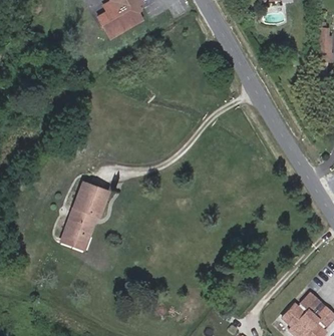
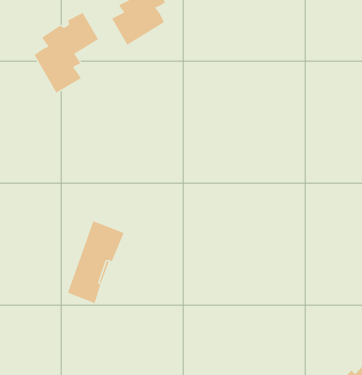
building: none -> [34,12,99,94]

